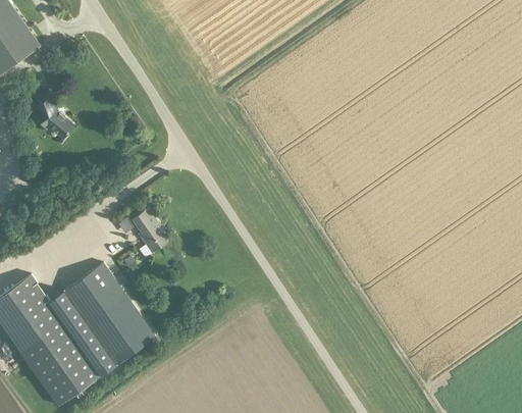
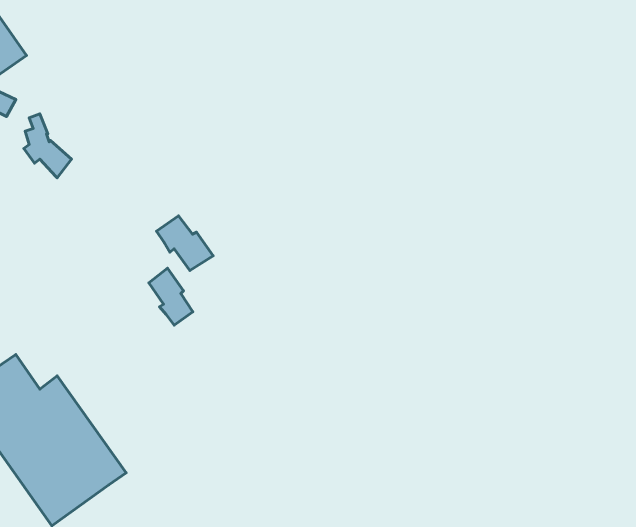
building: none -> [157,216,213,270]
building: [62,263,155,366] -> none

